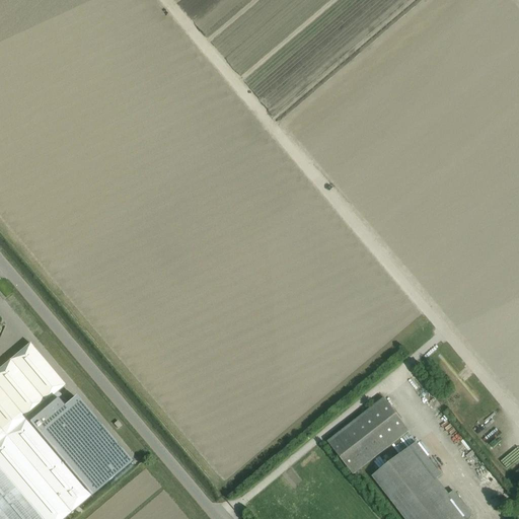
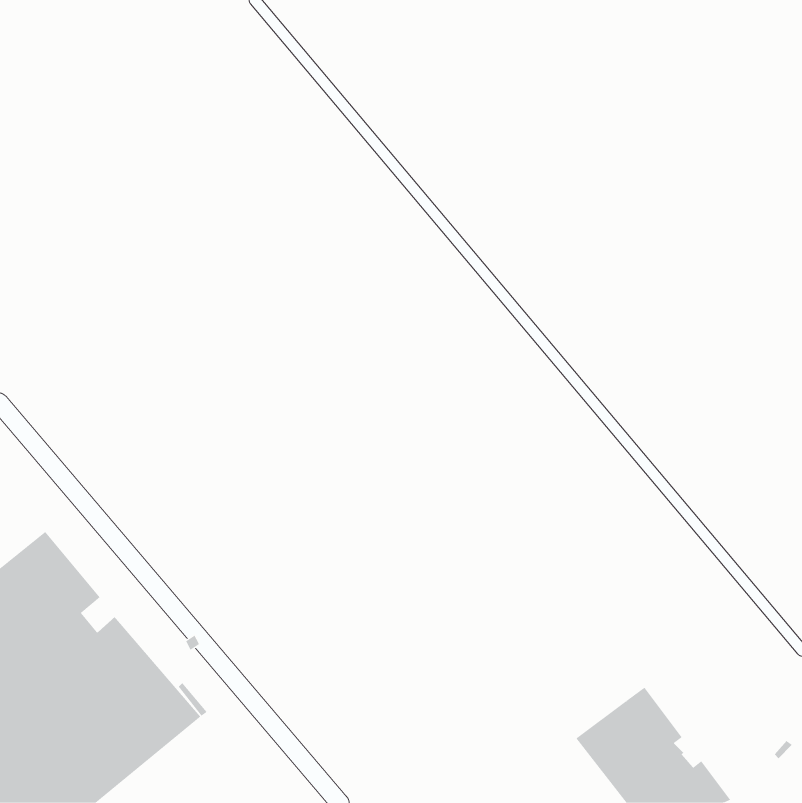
building: [326,398,409,474] -> none

